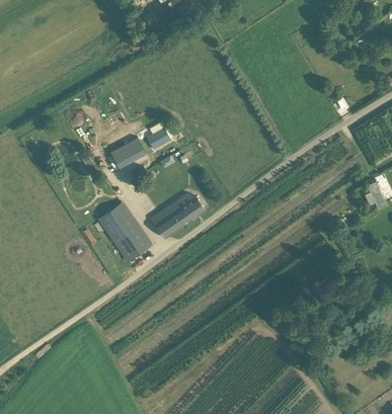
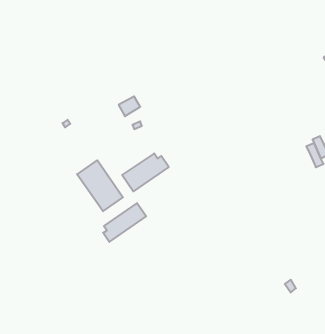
building: [112,136,149,168] -> none
building: none -> [103,203,146,242]

